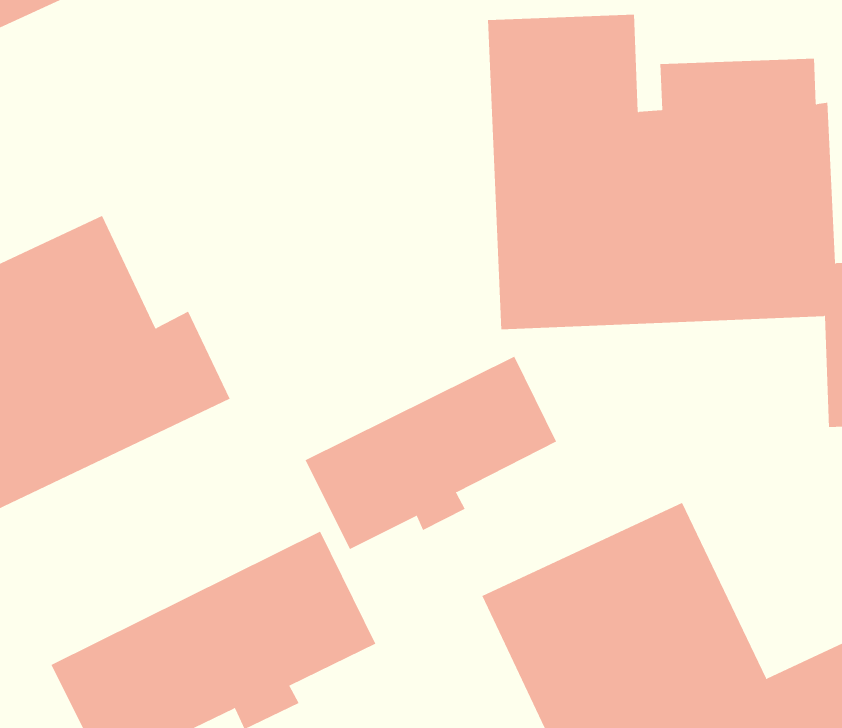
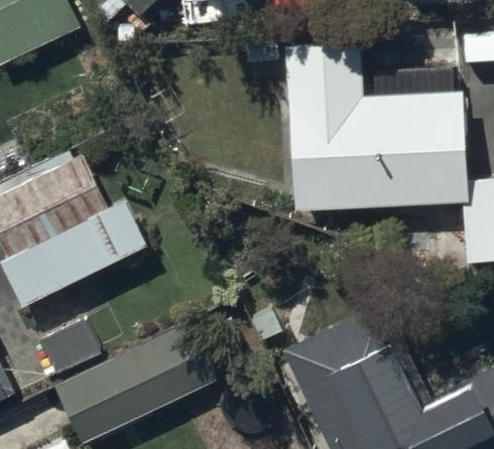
building: [305,356,557,550] -> none

